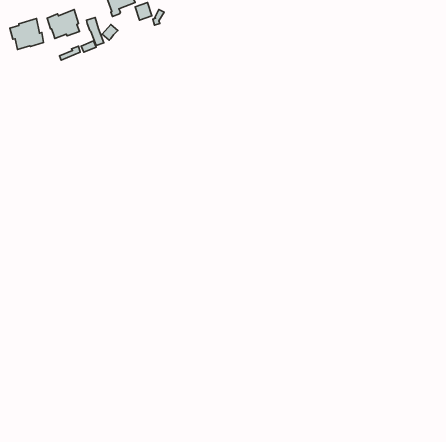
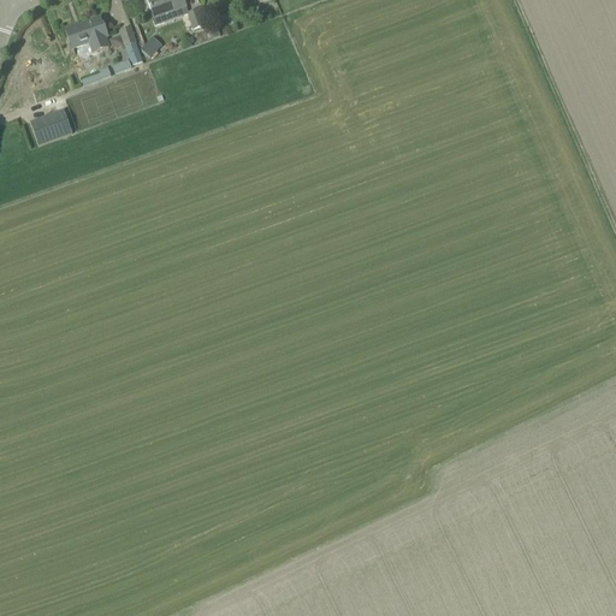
building: [10,18,44,49] -> none
building: none -> [30,108,72,143]

